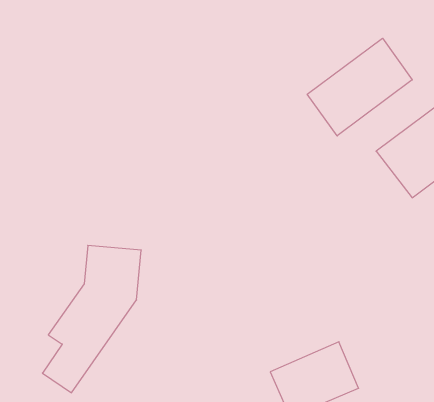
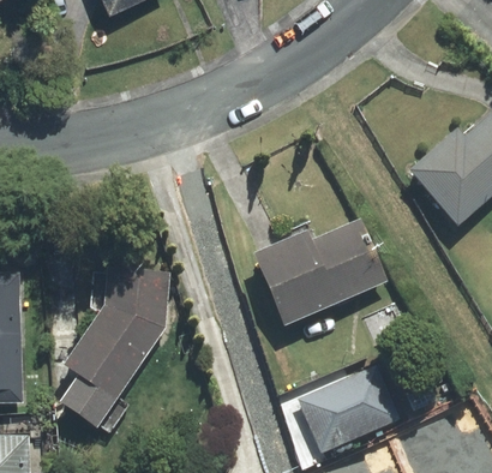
building: [307,38,412,136] -> none
building: none -> [262,230,385,323]

